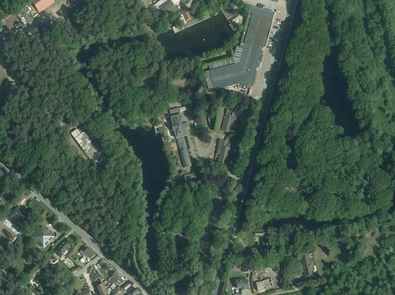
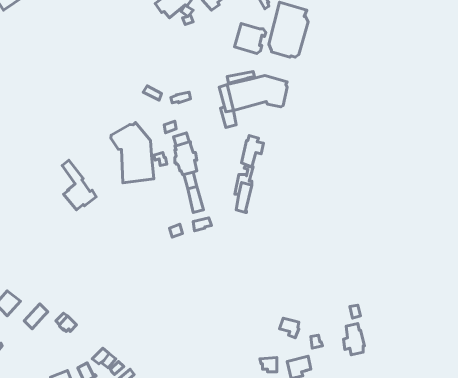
building: [239,44,263,67] -> [234,23,266,53]
building: none -> [111,123,154,183]

